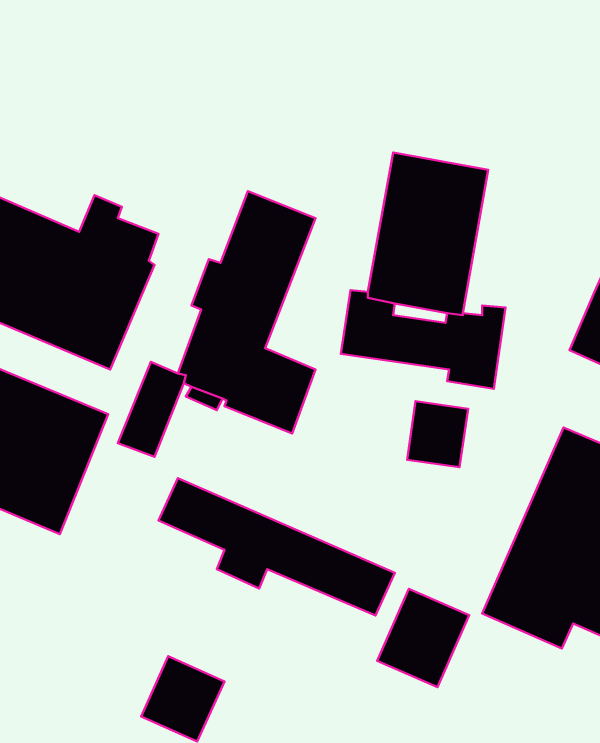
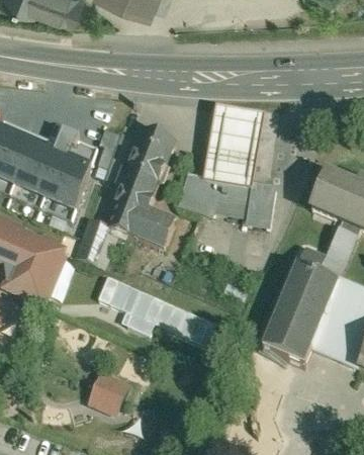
building: [407,401,468,467] -> none
building: [377,589,469,687] -> none

